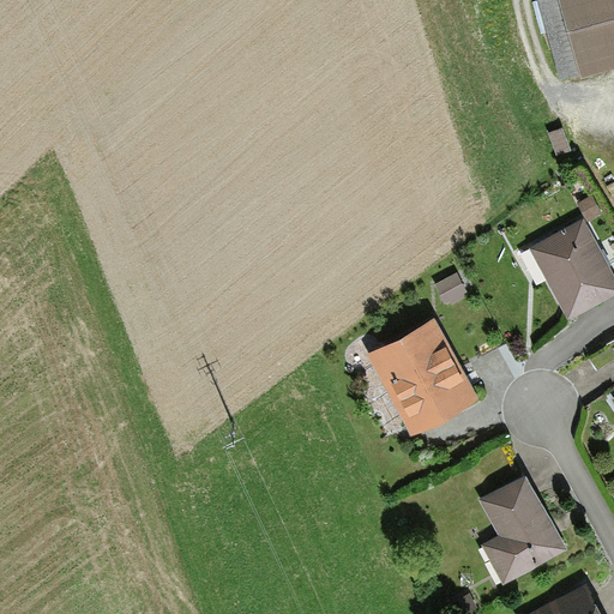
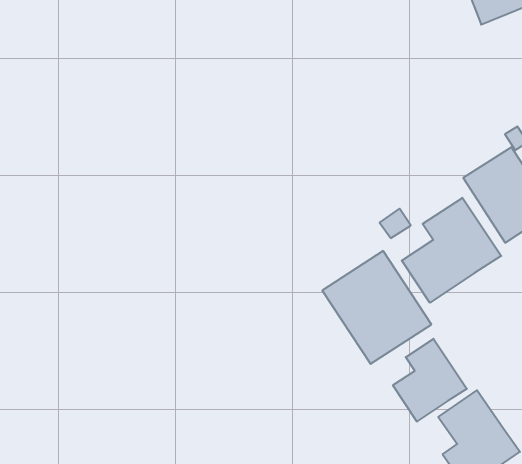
building: none -> [402,198,501,303]
building: none -> [393,339,467,422]

